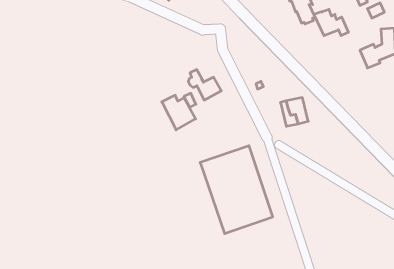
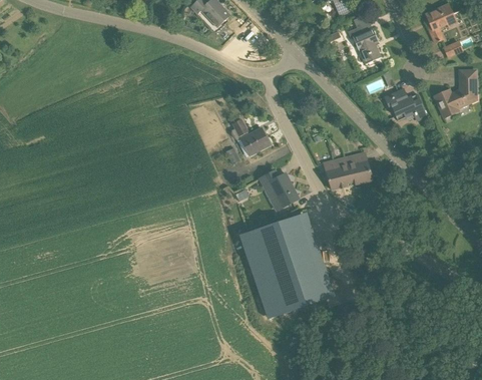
building: [314,9,348,36] -> [386,88,427,119]
building: [162,95,196,130] -> [259,169,299,211]
building: none -> [323,157,347,189]

